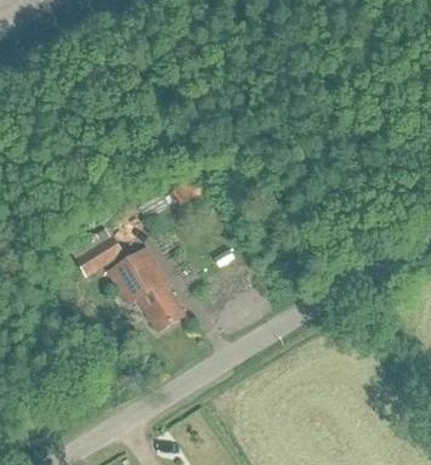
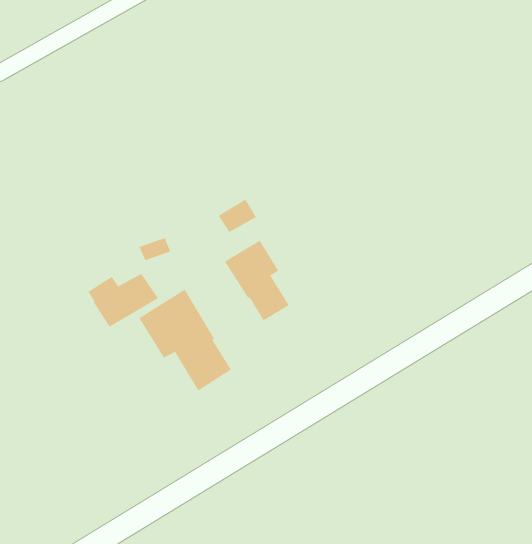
building: none -> [224,240,290,321]

